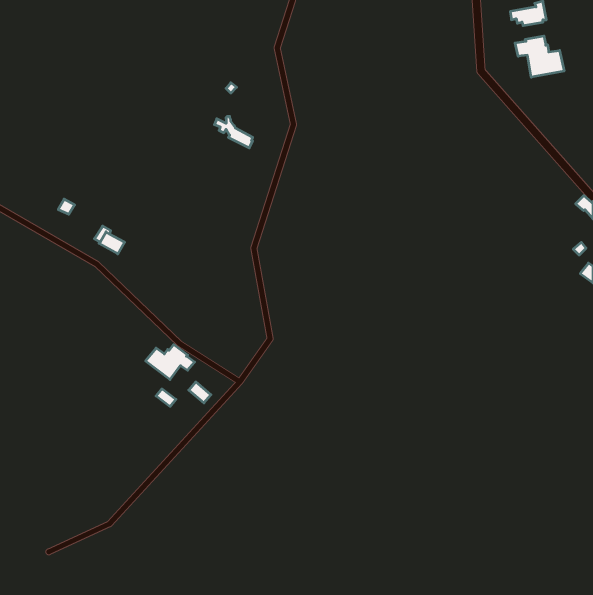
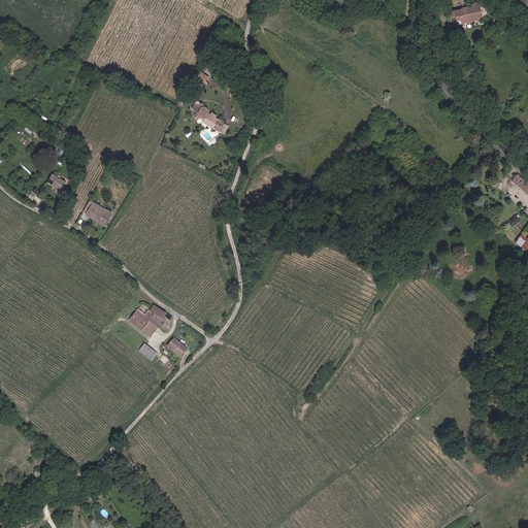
building: [515,36,564,77] -> none

